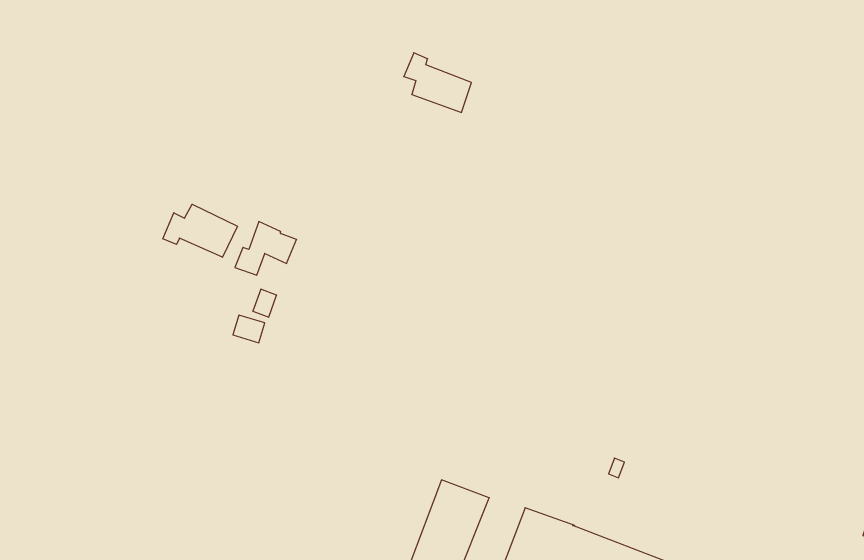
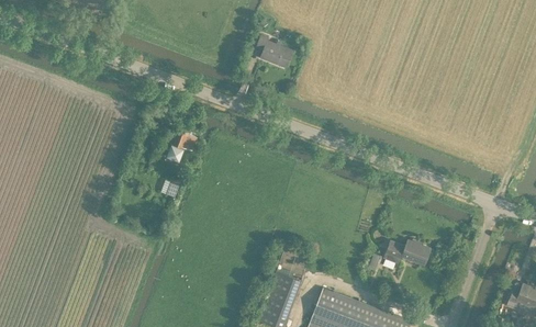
building: [163,204,238,257] -> none
building: none -> [382,240,429,269]

